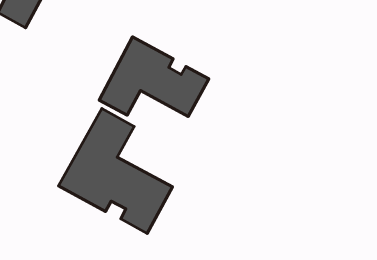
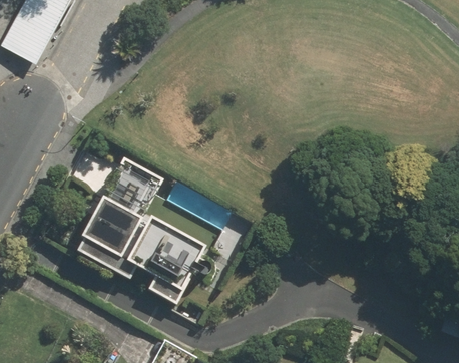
building: [99,37,209,117] -> none

